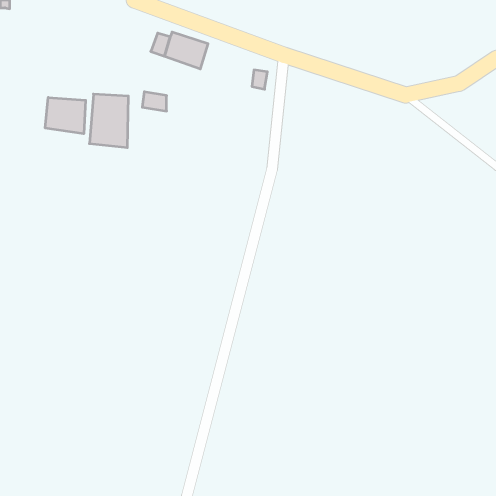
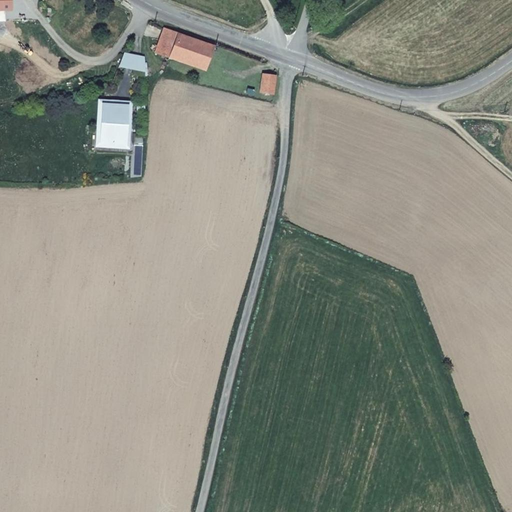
building: [142,92,167,111] -> [118,51,143,71]
building: [45,97,86,134] -> none

